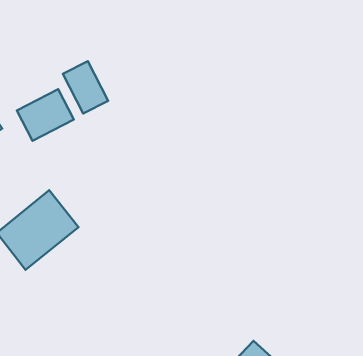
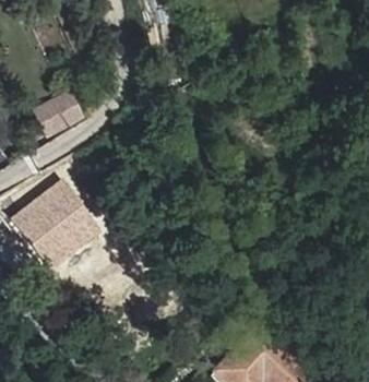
building: [63,61,108,114] -> none

